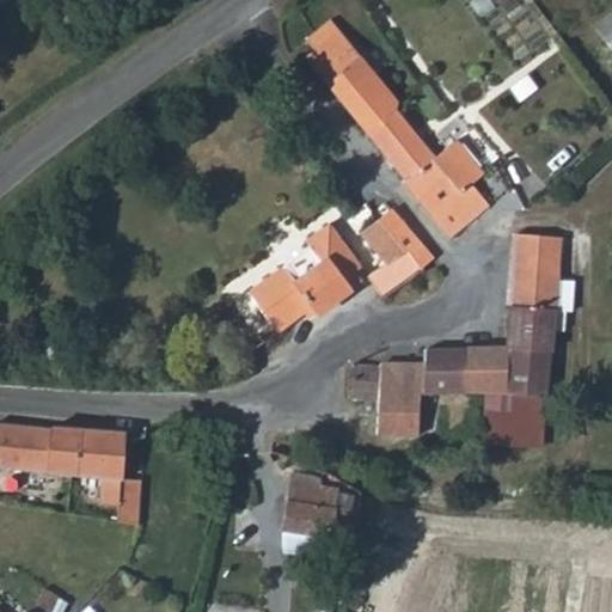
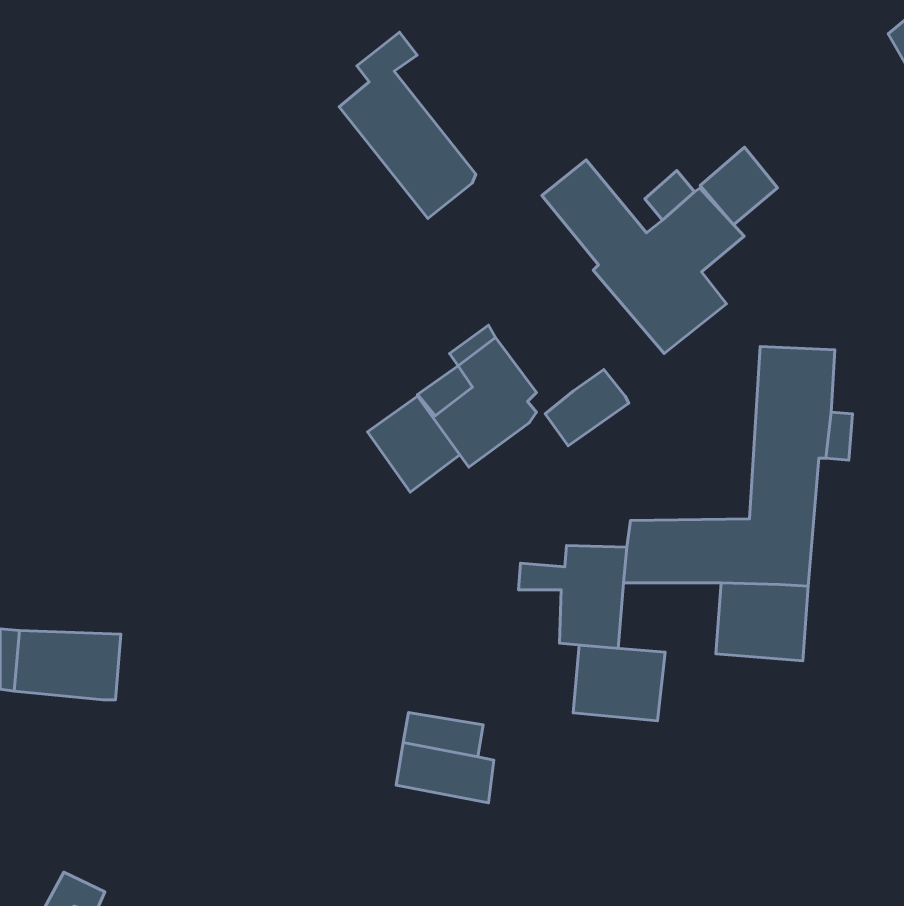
building: [307,7,399,133] -> [339,32,476,219]
building: none -> [700,147,778,225]
building: [361,210,434,268] -> none
building: [80,428,141,527] -> none
building: none -> [573,645,665,721]

